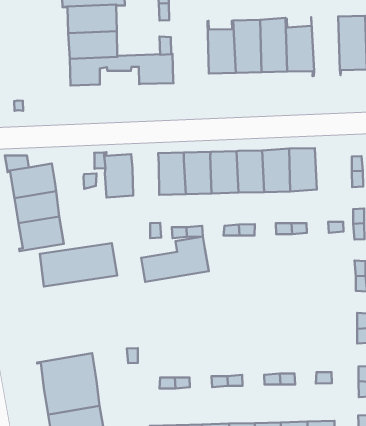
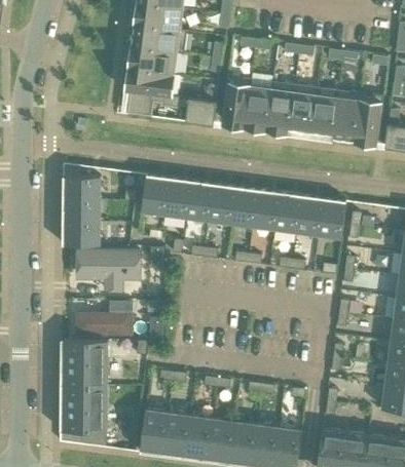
building: none -> [332,90,361,143]
building: none -> [222,76,251,123]
building: none -> [319,200,346,238]
building: none -> [164,180,191,218]
building: [141,237,209,282] -> [77,305,132,335]

